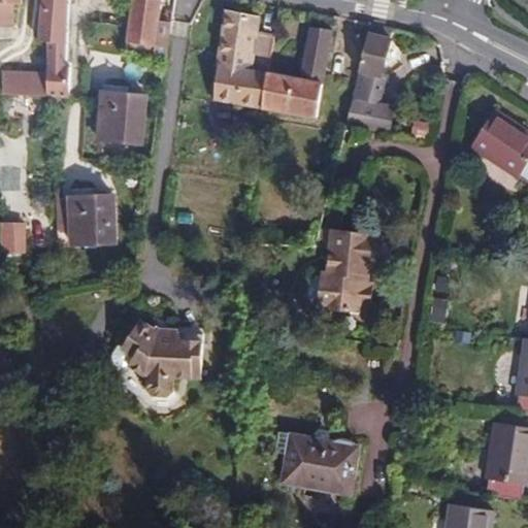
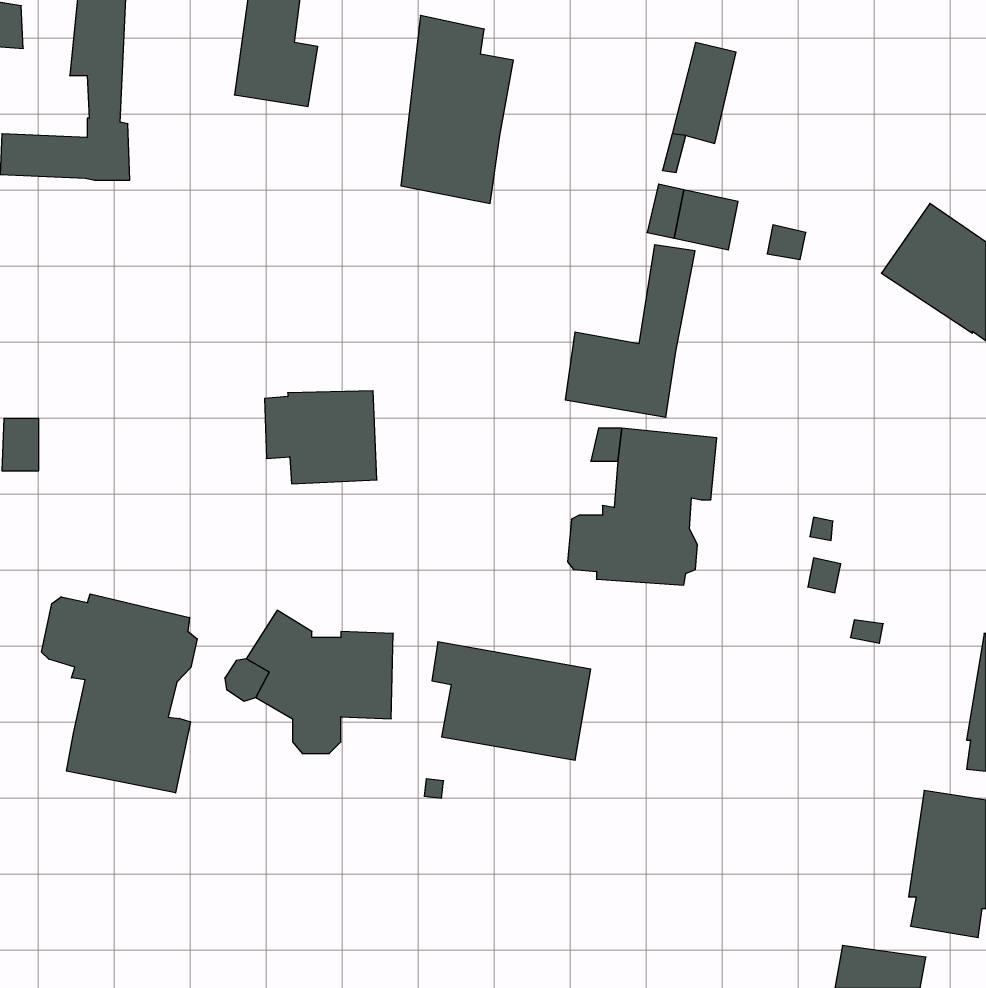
building: [261,26,330,118] -> [565,245,695,417]
building: [96,91,146,142] -> none
building: [56,195,116,244] -> [265,391,377,484]
building: none -> [42,594,197,793]
building: [274,431,359,494] -> [432,642,591,760]

